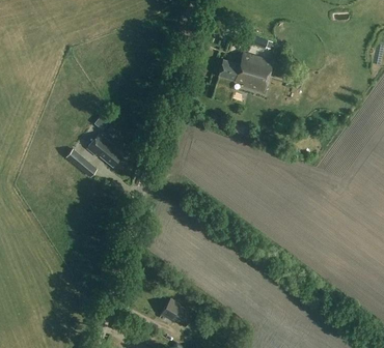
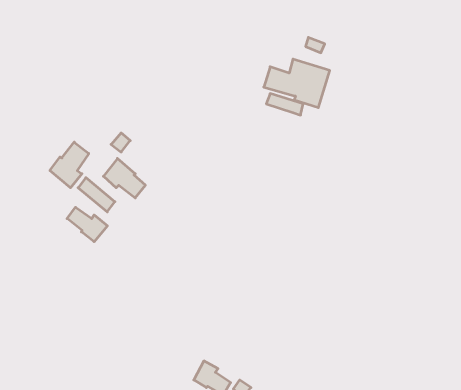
building: none -> [50,142,89,188]
building: none -> [67,207,107,242]

